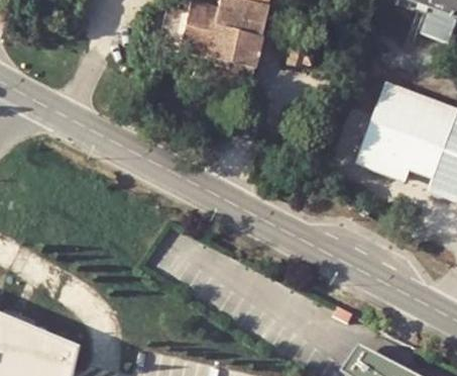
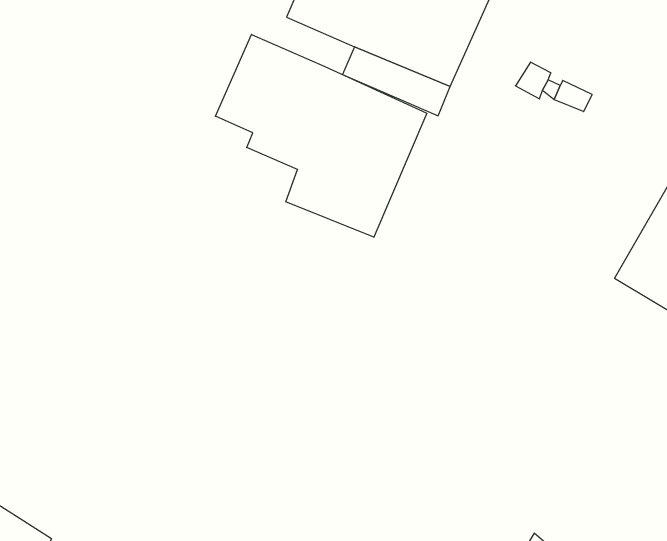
building: none -> [215,34,427,237]

